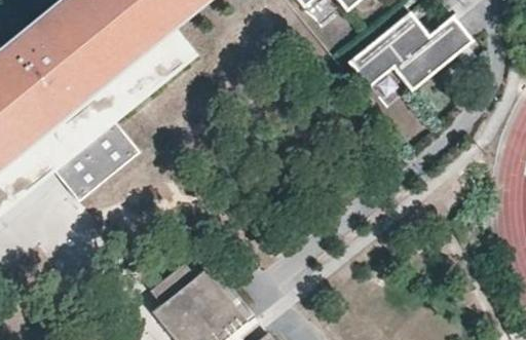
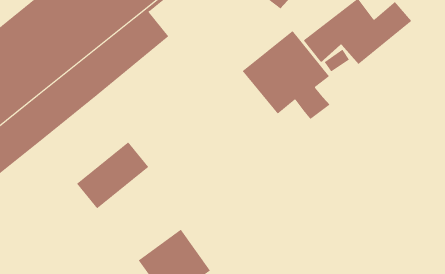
building: none -> [242,30,330,120]
building: [52,123,136,200] -> [76,141,149,209]

